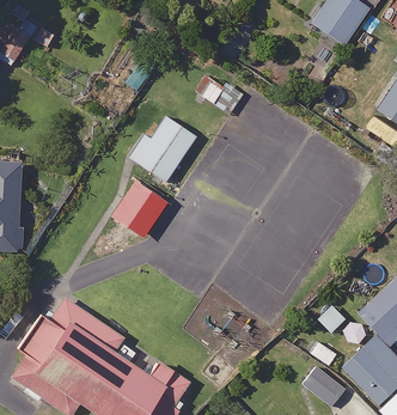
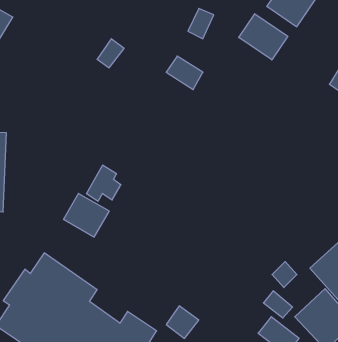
building: none -> [239,14,288,60]
building: [129,116,195,182] -> none
building: none -> [64,193,109,237]

